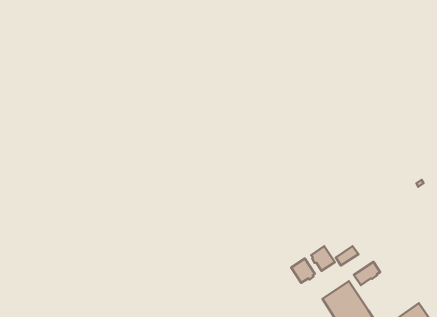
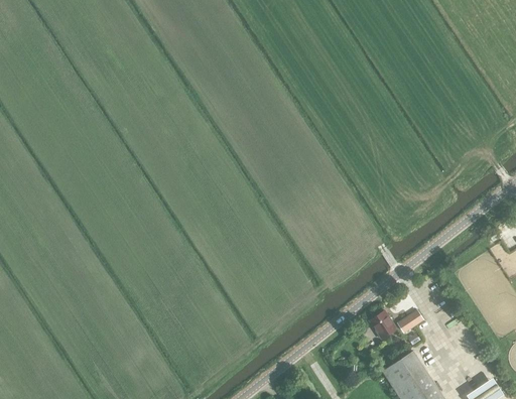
building: [291,258,315,283] -> none
building: [354,262,380,285] -> none

